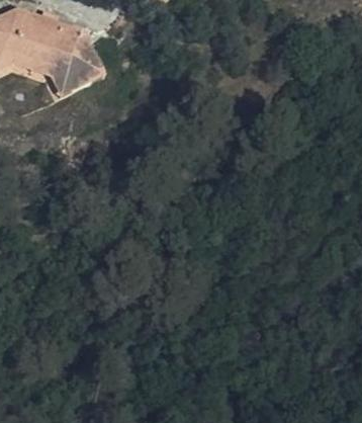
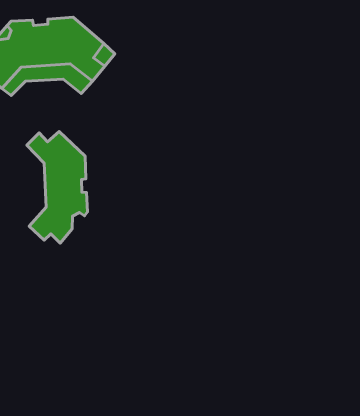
building: none -> [27,131,88,243]

